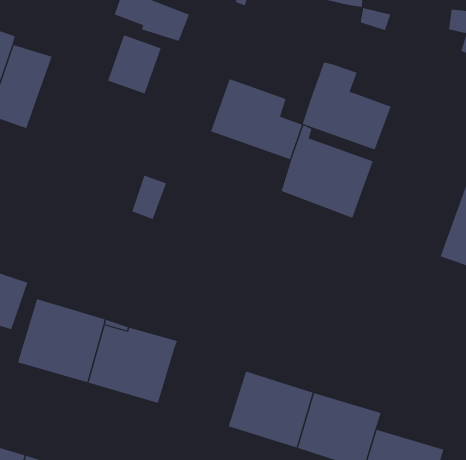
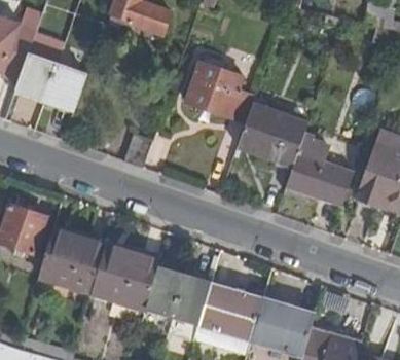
building: [107,34,161,94] -> [46,65,87,110]
building: [302,62,391,150] -> [287,139,355,206]
building: none -> [146,266,212,343]

